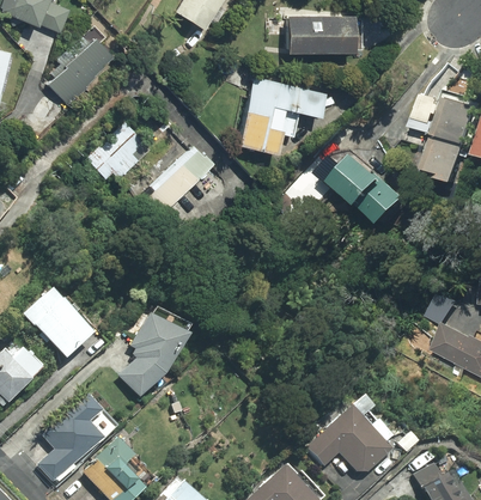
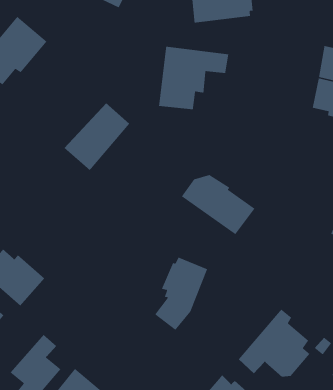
building: [80,122,147,187] -> none
building: [319,148,404,222] -> [181,174,255,235]
building: [116,312,184,398] -> [154,256,208,331]

